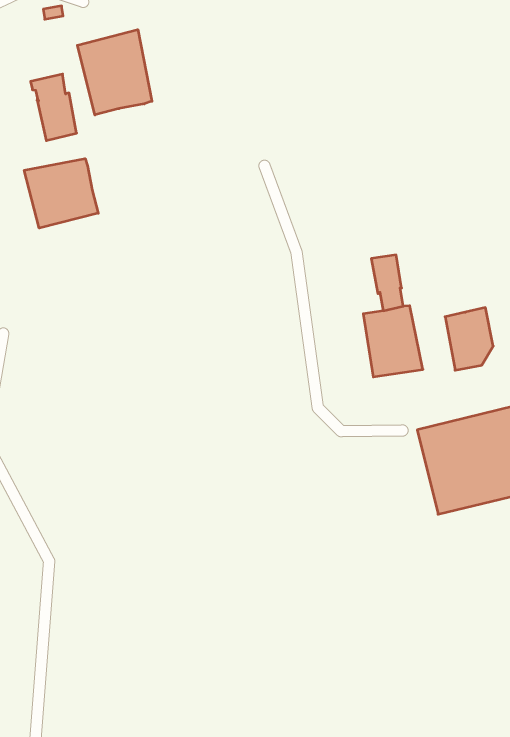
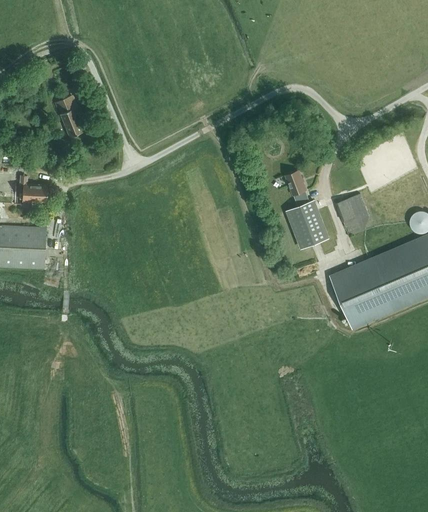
building: [77,30,152,115] -> none
building: [24,159,98,228] -> none

